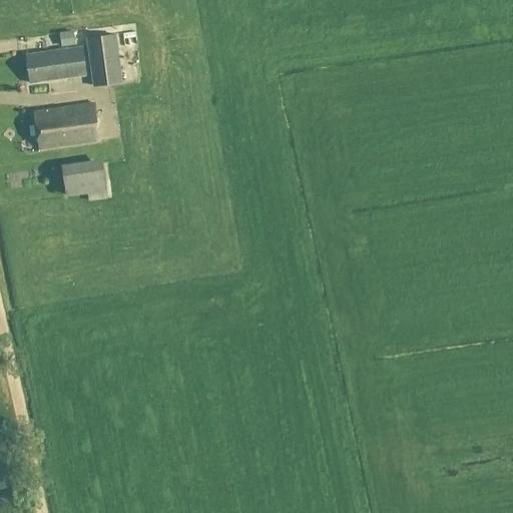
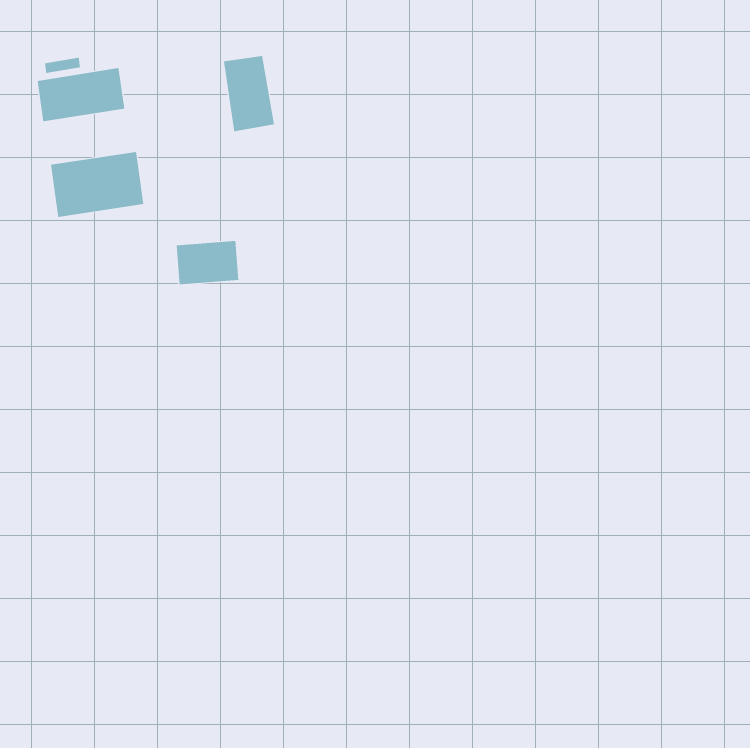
building: [84,34,119,86] -> [223,55,275,132]
building: [63,160,106,190] -> [176,241,239,285]

